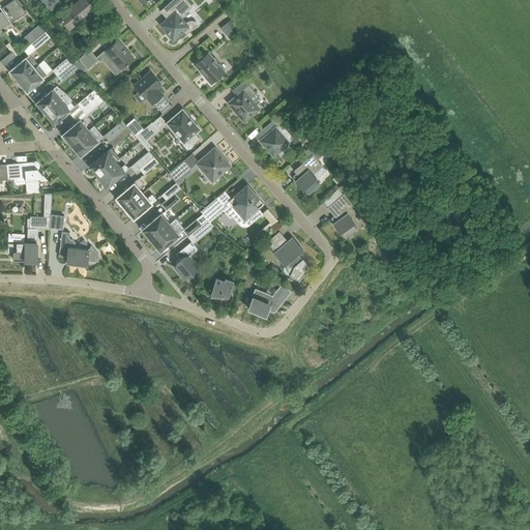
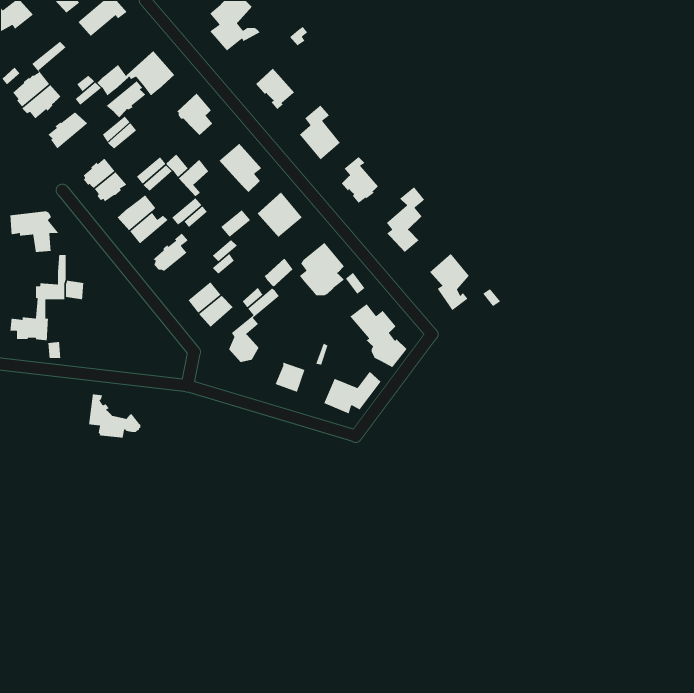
building: [43,95,75,124] -> [105,80,146,118]
building: [125,194,157,218] -> none
building: [59,232,99,266] -> [88,394,141,438]

